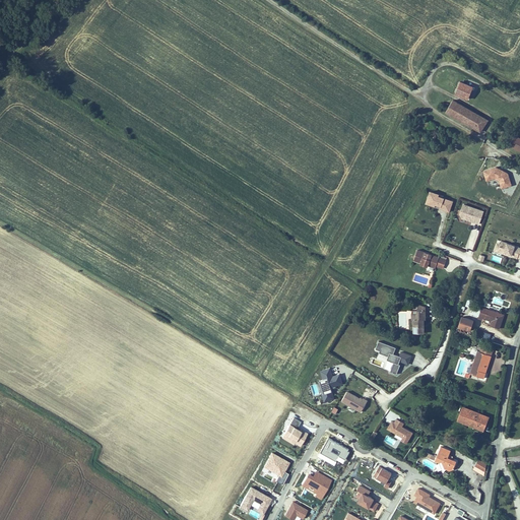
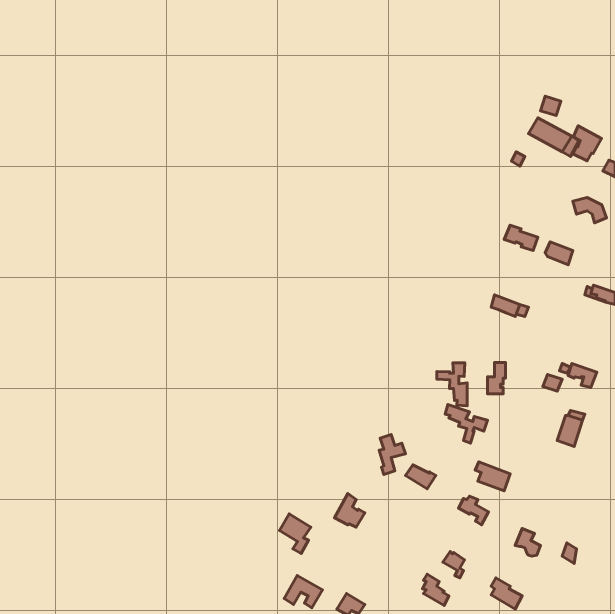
building: none -> [573,126,601,161]
building: none -> [437,363,467,406]
building: [459,406,489,431] -> [475,462,510,491]
building: [321,438,350,461] -> none
building: [264,452,290,485] -> [280,514,311,554]
building: [302,471,332,500] -> none

